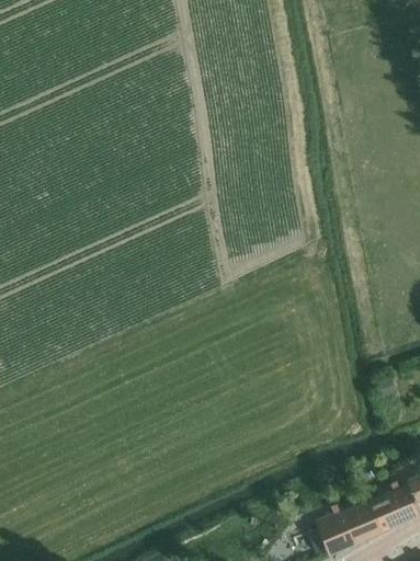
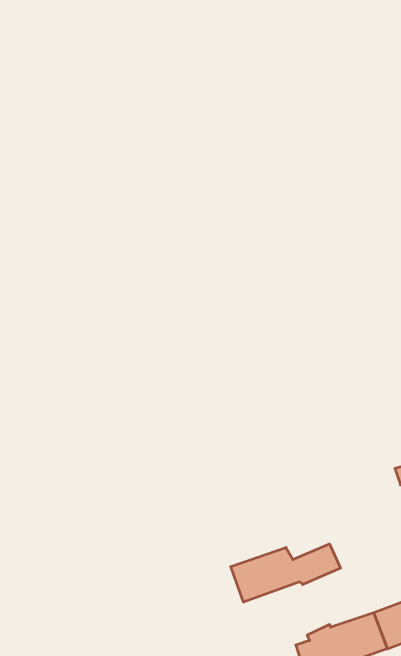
building: none -> [231,544,341,602]

